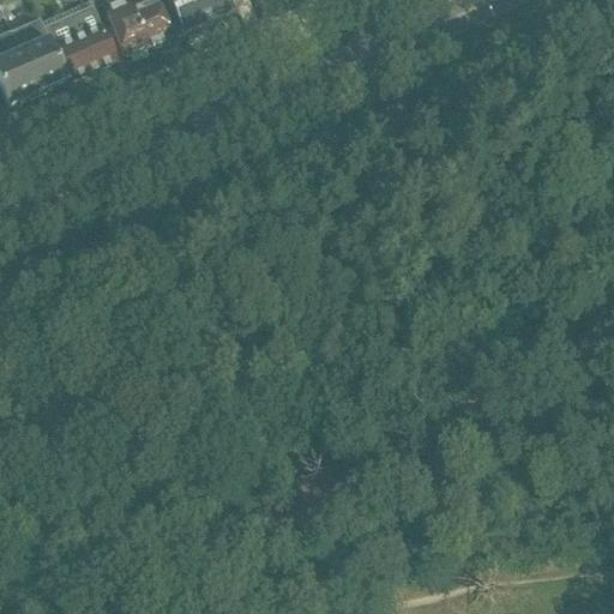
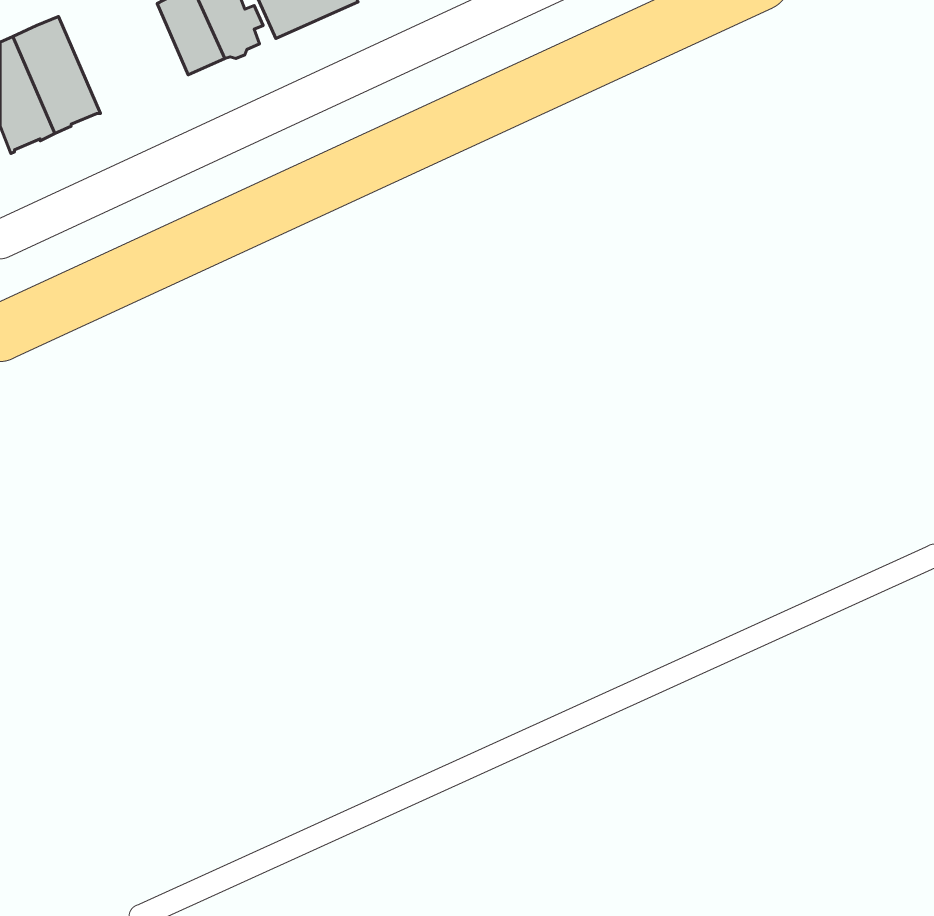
building: [52,5,116,72] -> none

